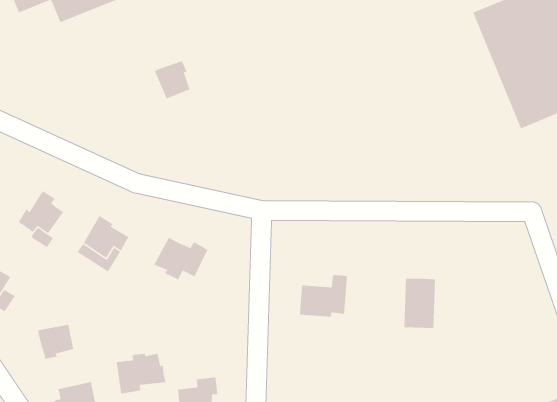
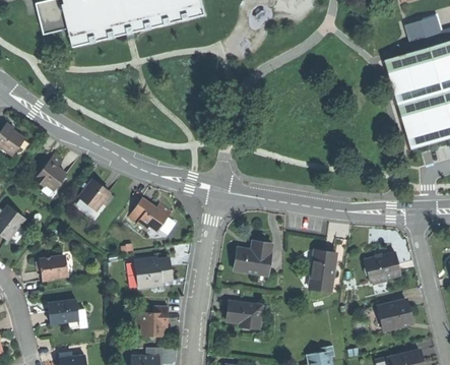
building: [154,60,191,100] -> none
building: none -> [364,251,399,281]
building: none -> [377,299,410,328]
building: [116,353,167,394] -> [136,260,172,289]
building: none -> [226,302,260,327]

